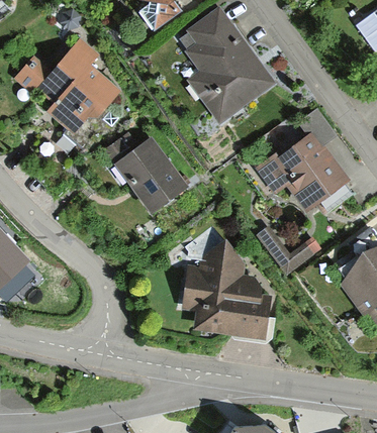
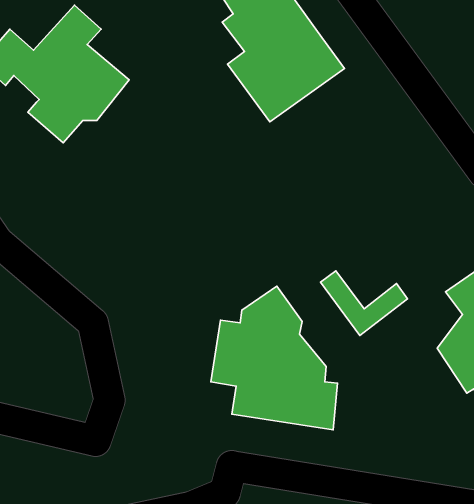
building: [254,108,351,213] -> none
building: [104,132,189,215] -> none

